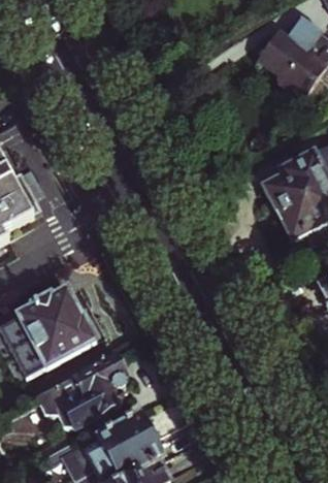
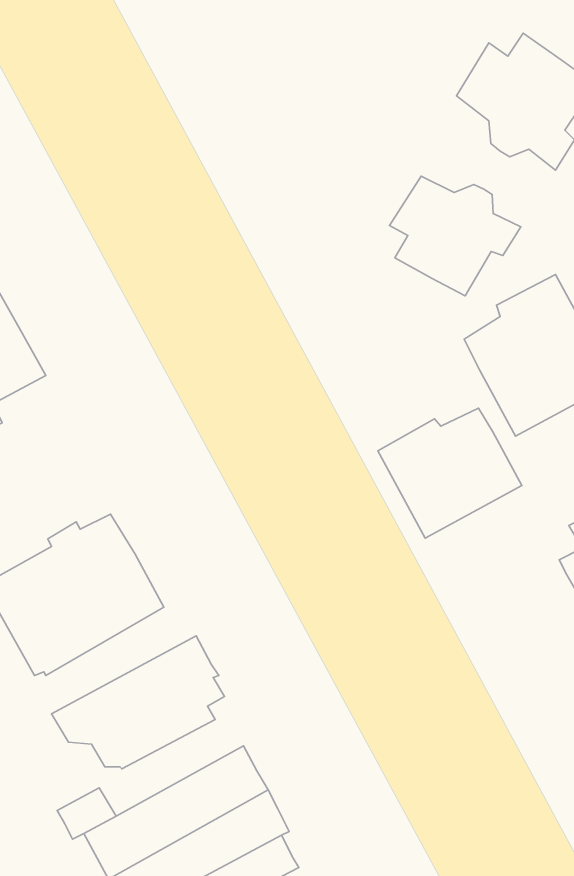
building: none -> [390,176,521,296]
building: none -> [378,408,522,538]

